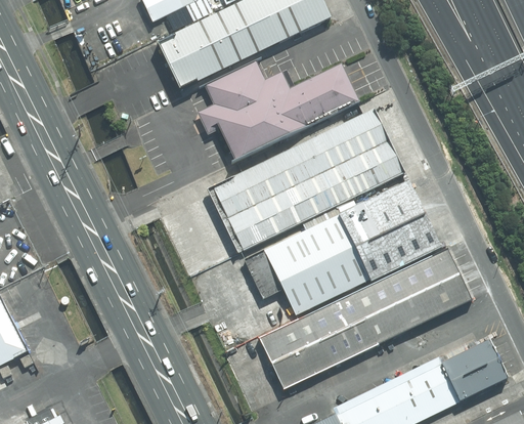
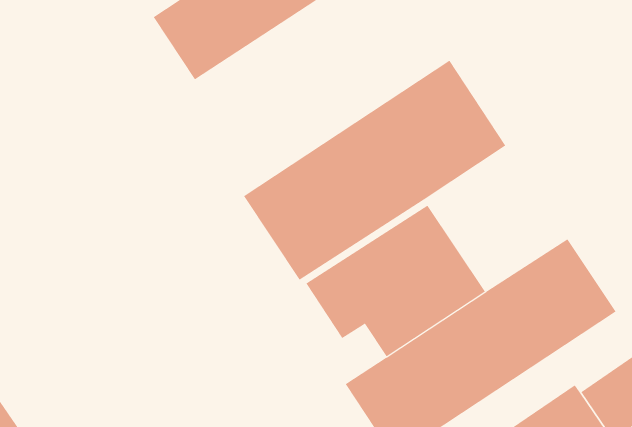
building: [200,51,360,171] -> none
building: [339,176,440,282] -> none

